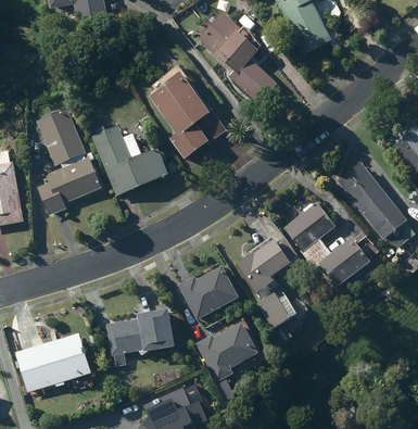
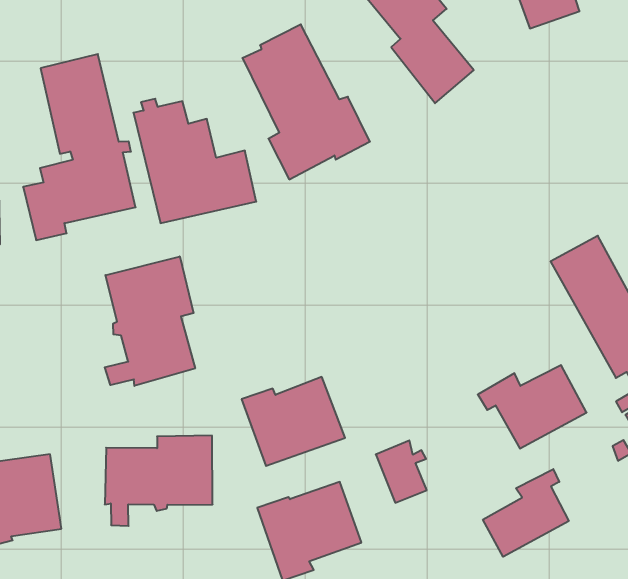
building: [283,202,335,261] -> none
building: none -> [105,256,195,386]
building: [236,239,288,291] -> none
building: none -> [483,469,569,557]

